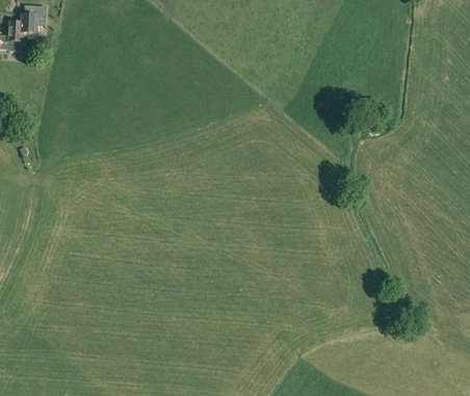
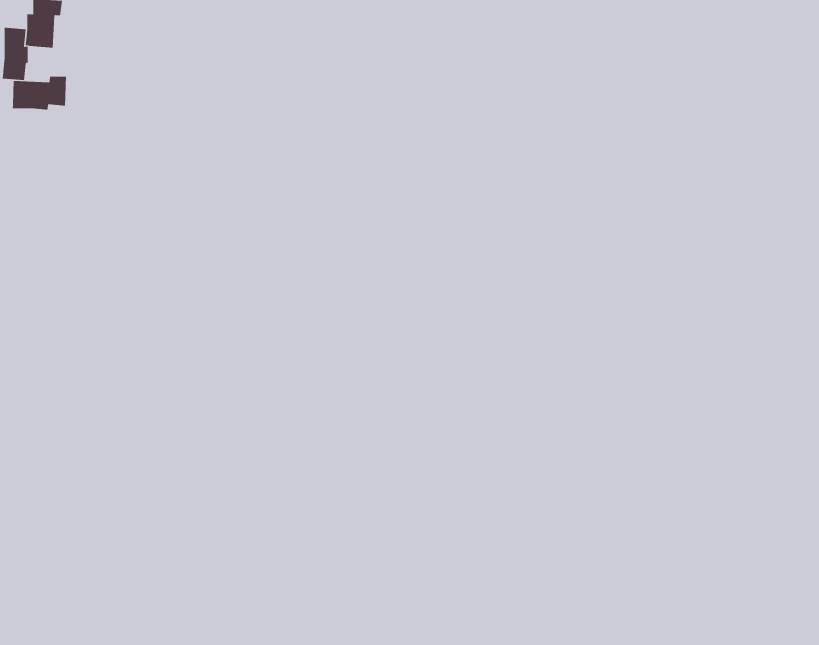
building: none -> [12,76,67,111]

